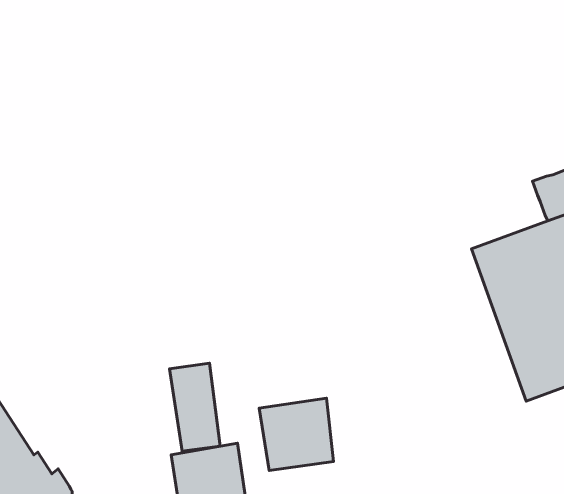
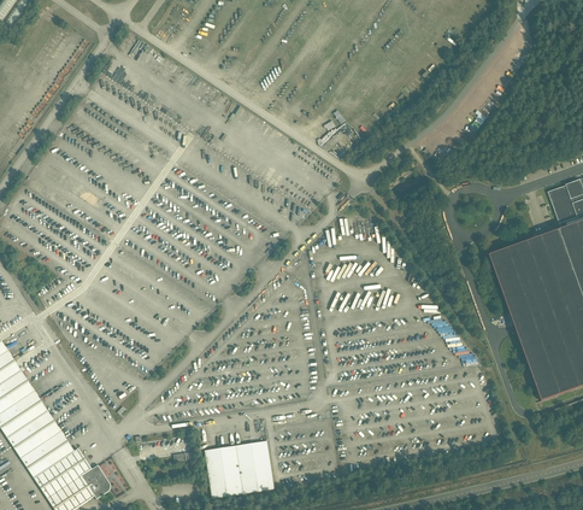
building: [170,363,220,451] -> none
building: [259,398,333,471] -> none

